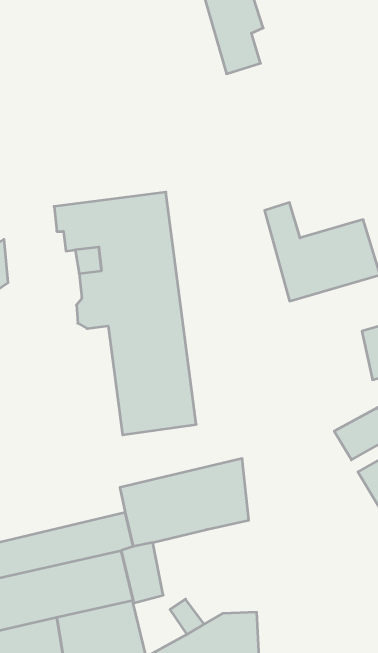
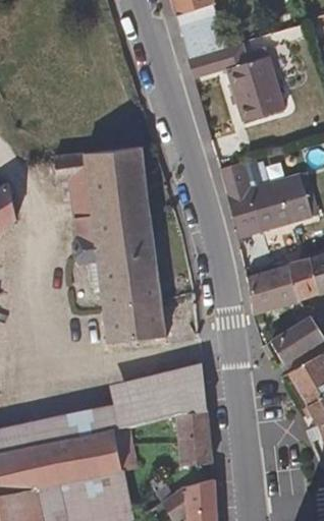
building: none -> [190,45,286,121]
building: none -> [248,262,303,310]
building: none -> [174,408,212,462]

